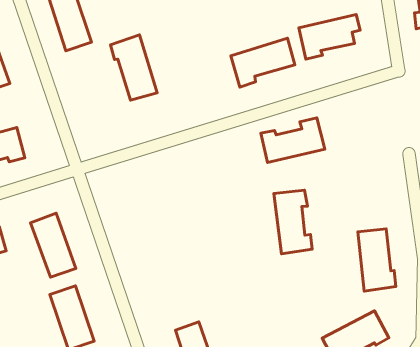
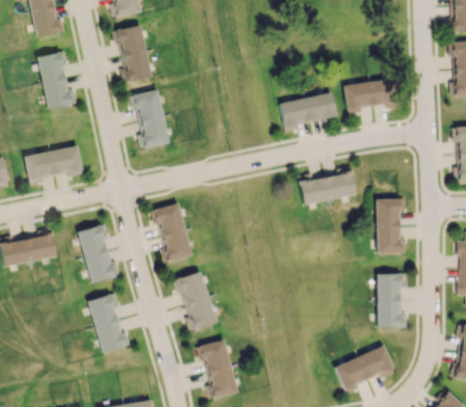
building: [111,35,157,100] -> [130,89,167,147]
building: none -> [151,204,190,263]
building: [274,190,312,254] -> [376,198,405,253]
building: none -> [173,271,216,331]

